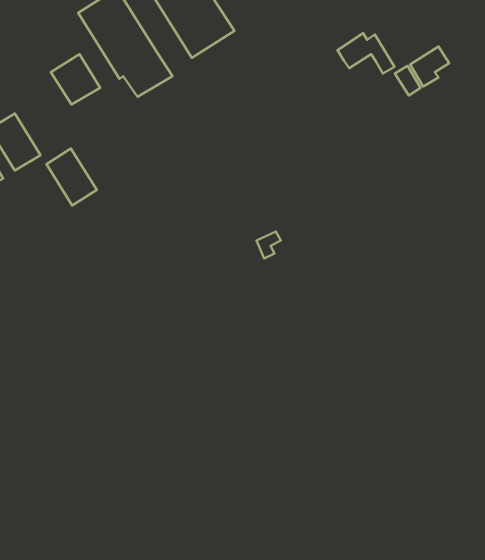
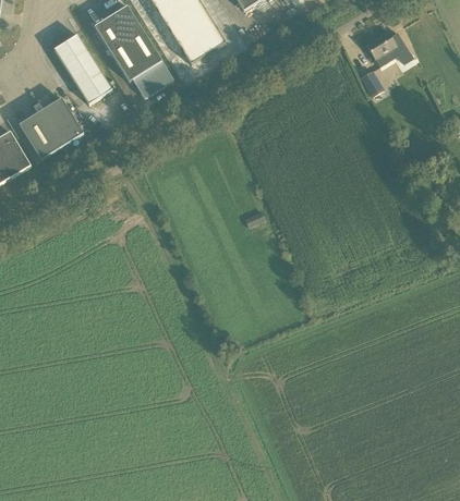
building: none -> [53,33,95,75]
building: [337,33,394,73] -> [365,29,413,63]
building: [46,148,97,205] -> [40,97,83,145]

